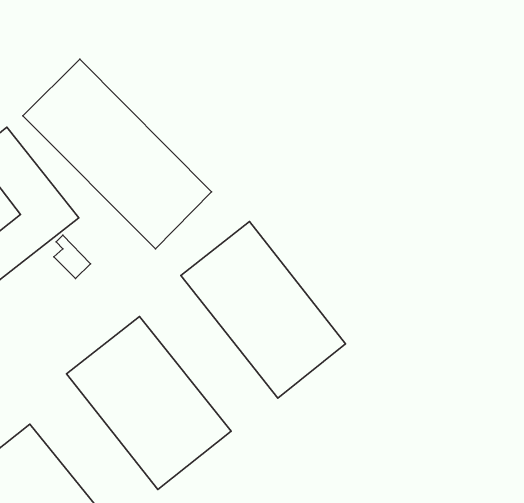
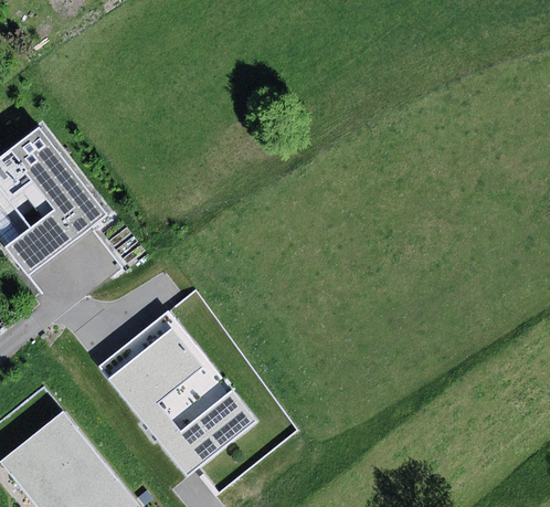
building: [23,59,211,249] -> none
building: [181,221,346,398] -> none

